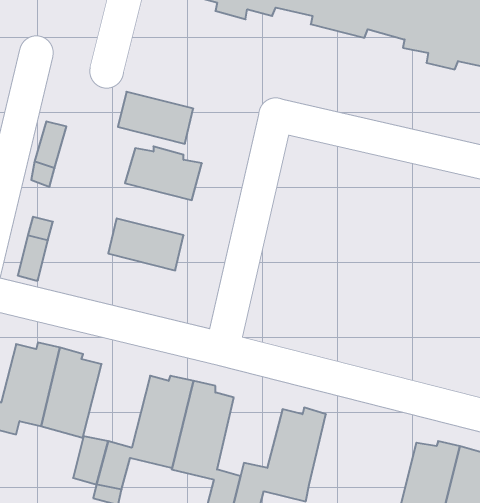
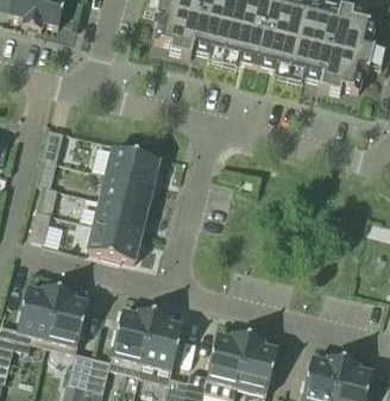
building: [118,92,193,144] -> [100,171,153,208]
building: none -> [88,221,141,259]
building: none -> [237,336,278,393]

